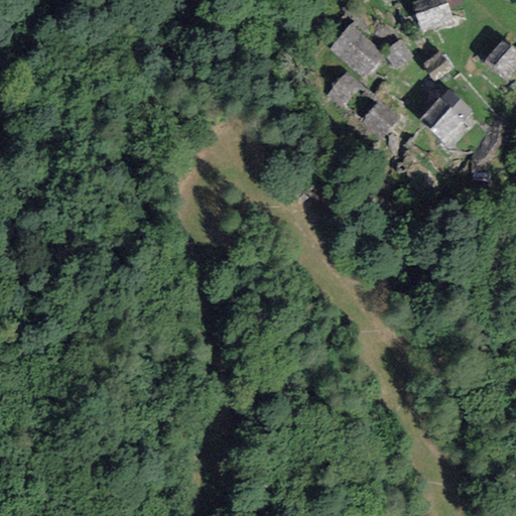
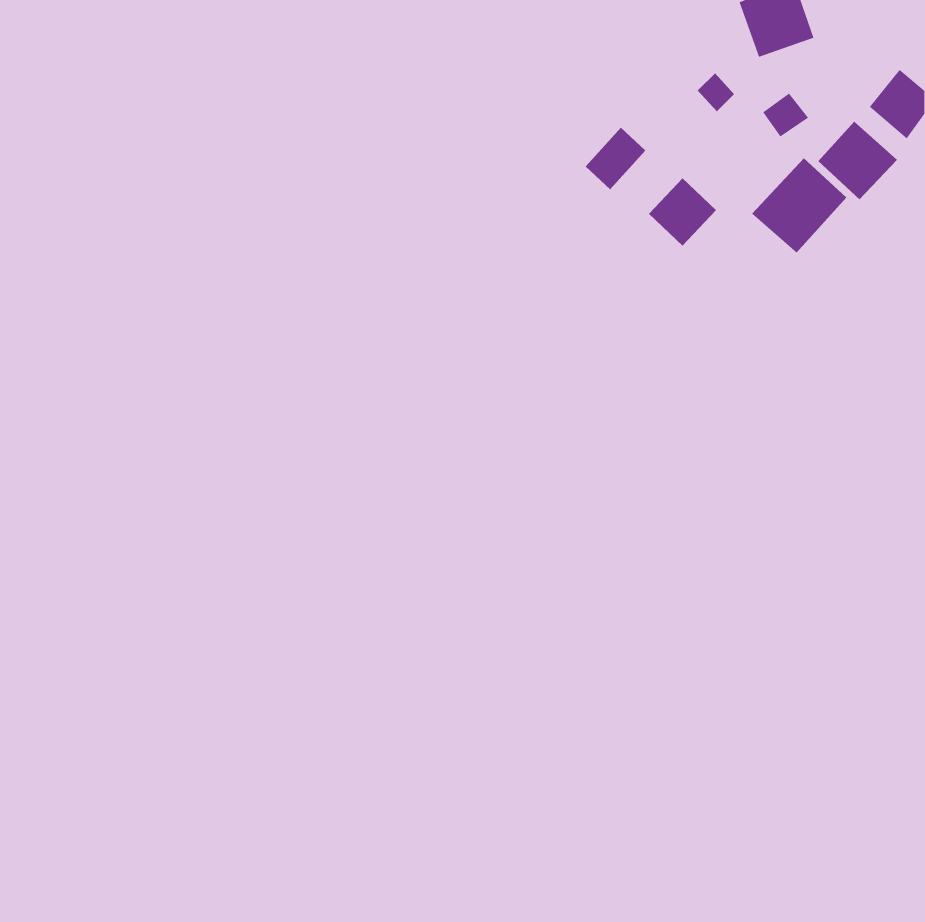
building: [329,23,386,78] -> none
building: none -> [817,121,898,200]

